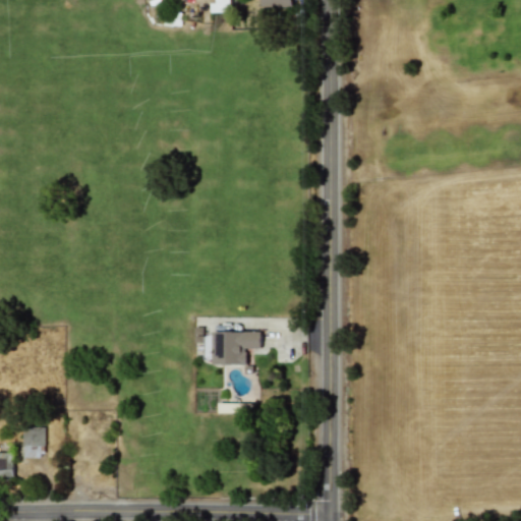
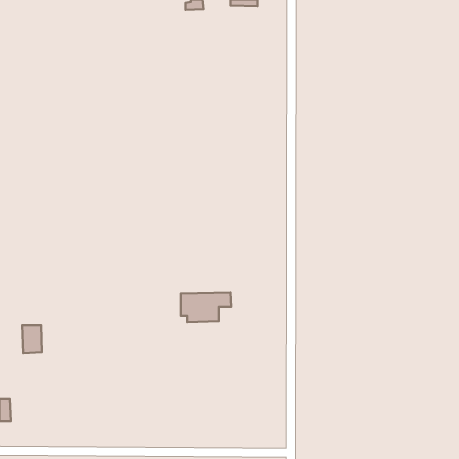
building: [21,425,44,457] -> [22,325,42,353]

